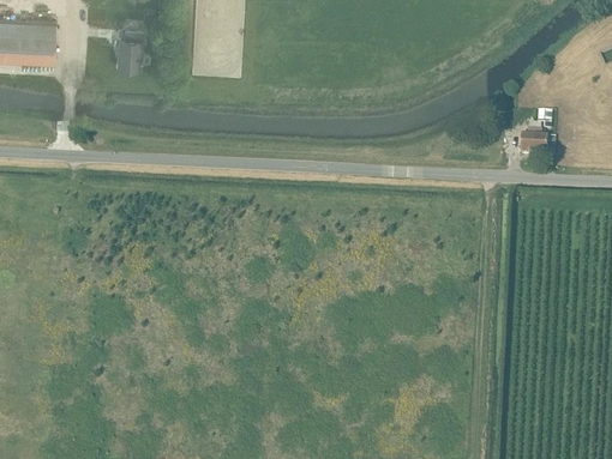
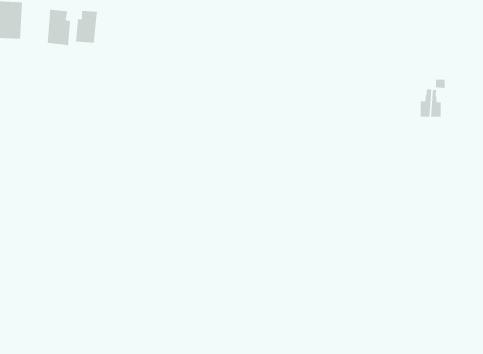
building: none -> [47,9,71,46]

